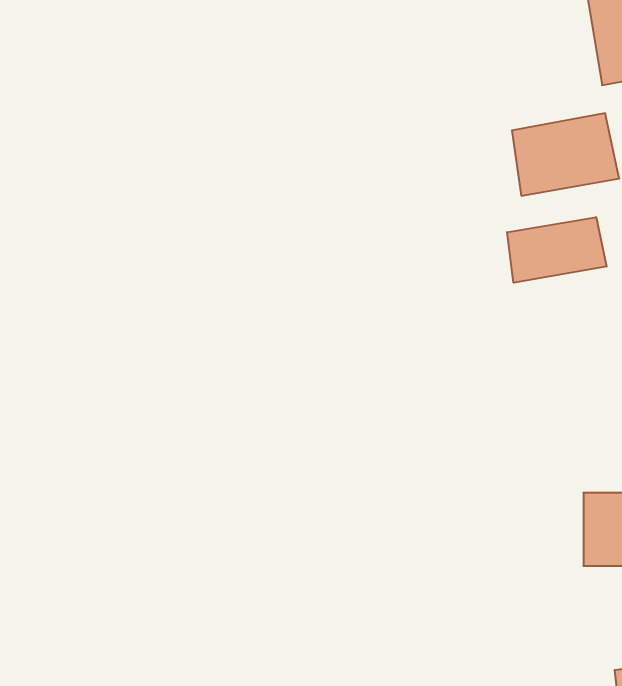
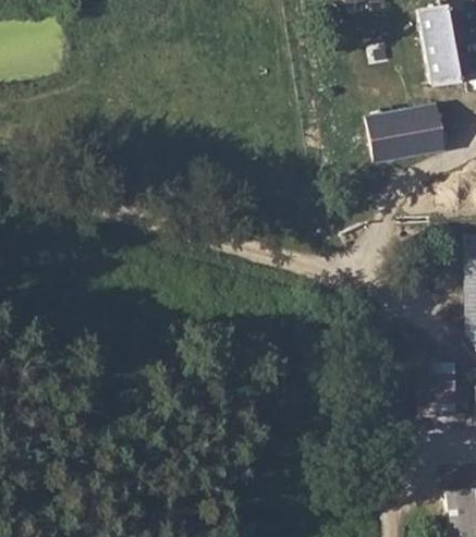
building: [507,217,607,283] -> none

